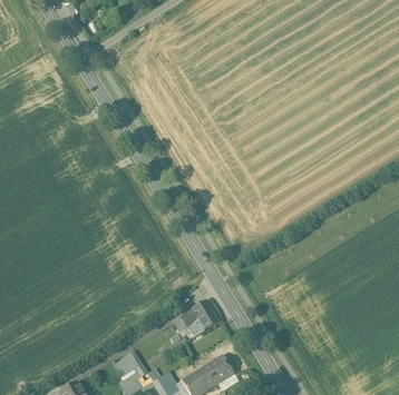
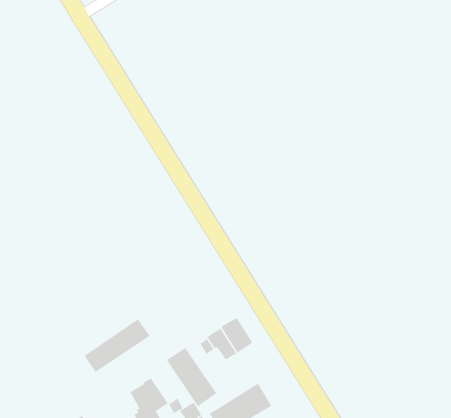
building: none -> [84,318,150,373]
building: none -> [166,347,217,407]

